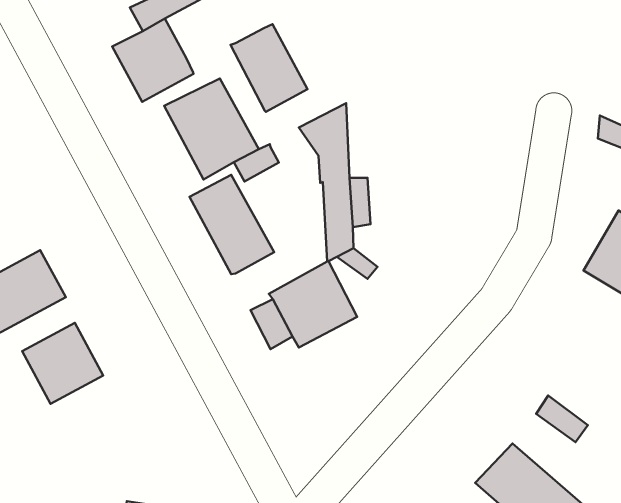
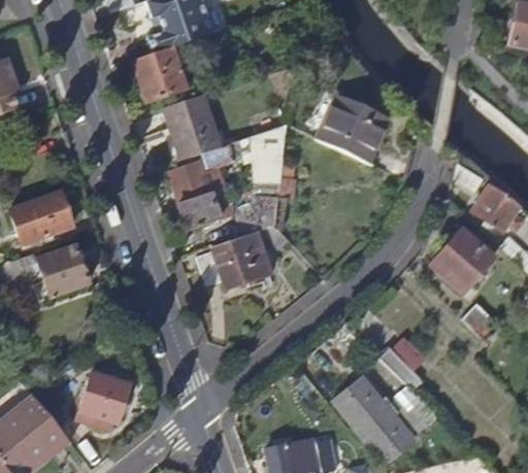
building: [231,24,307,112] -> none
building: none -> [319,94,389,162]

